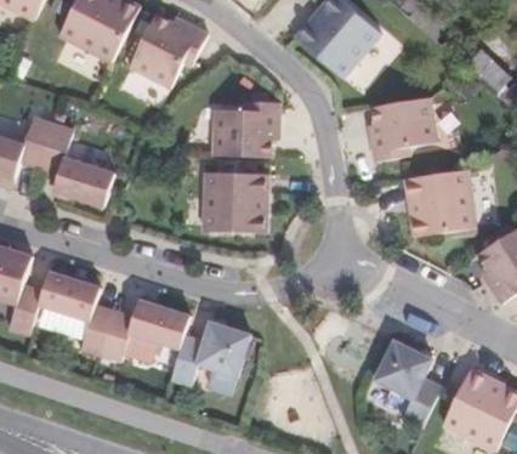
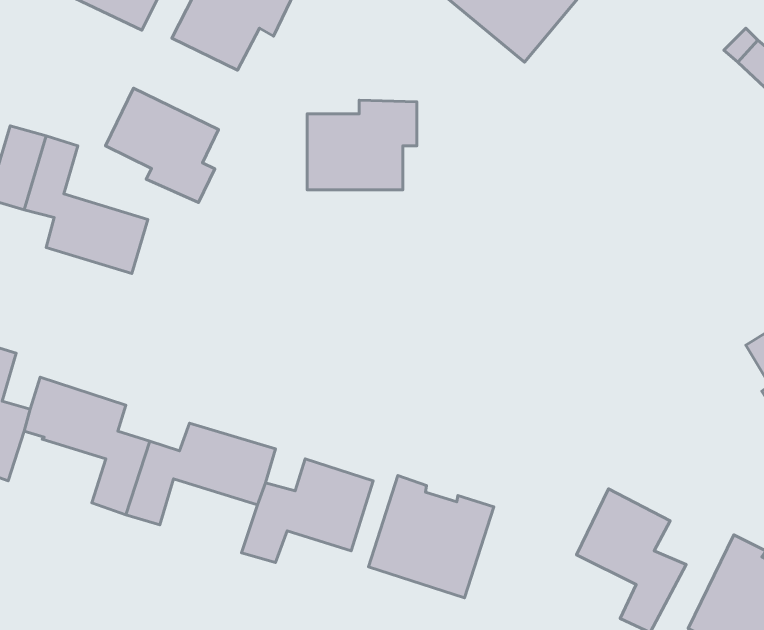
building: none -> [105,88,219,202]
building: [369,97,436,161] -> none
building: [403,169,475,235] -> none
building: [203,171,266,233] -> none
building: none -> [368,476,494,598]

